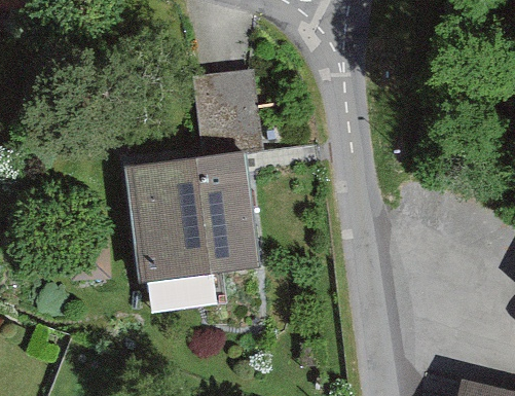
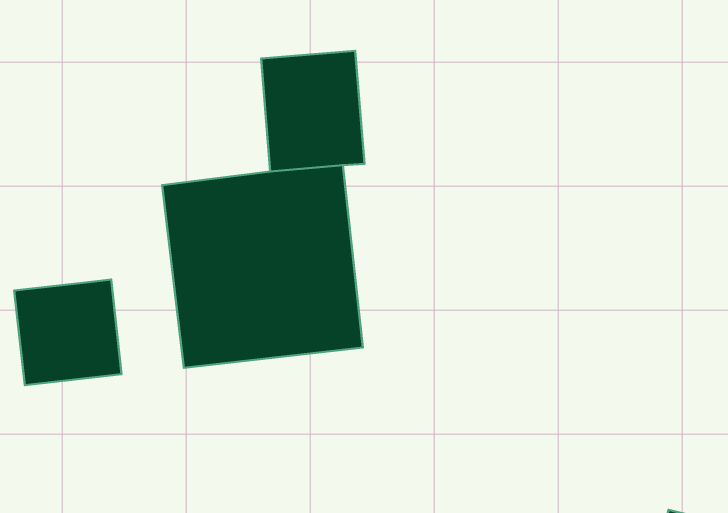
building: none -> [14,279,122,385]

